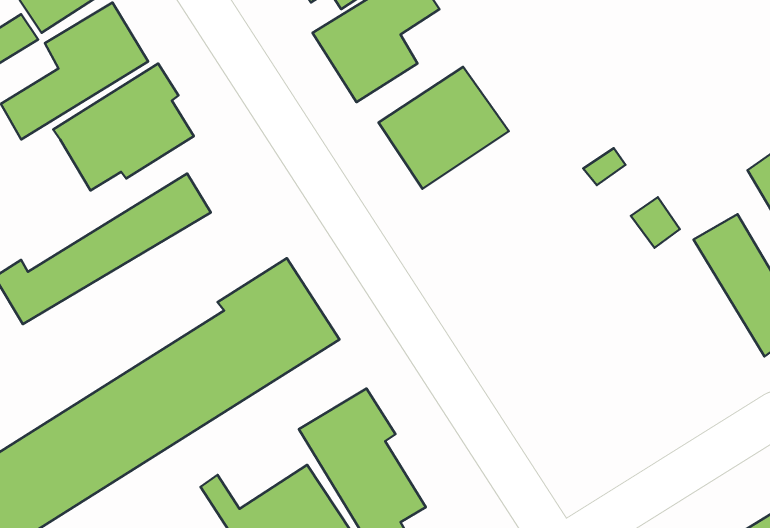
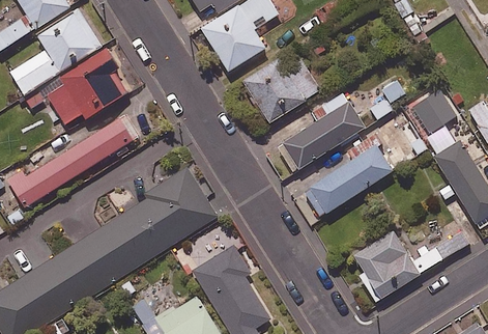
building: none -> [412,88,457,133]
building: none -> [284,90,366,168]
building: none -> [304,136,393,216]
building: none -> [353,222,468,301]

